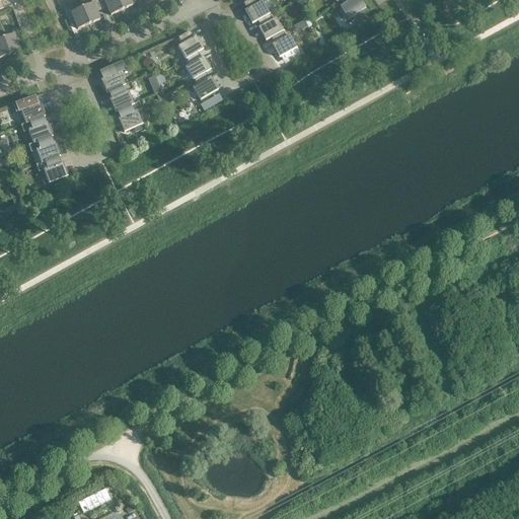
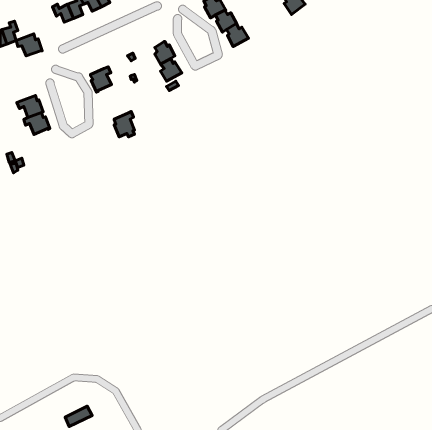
building: [177,29,203,57] -> none
building: [99,60,126,91] -> none
building: [13,94,45,121] -> [16,34,42,56]
building: [118,99,142,130] -> [114,111,134,137]
building: [35,154,67,181] -> none

